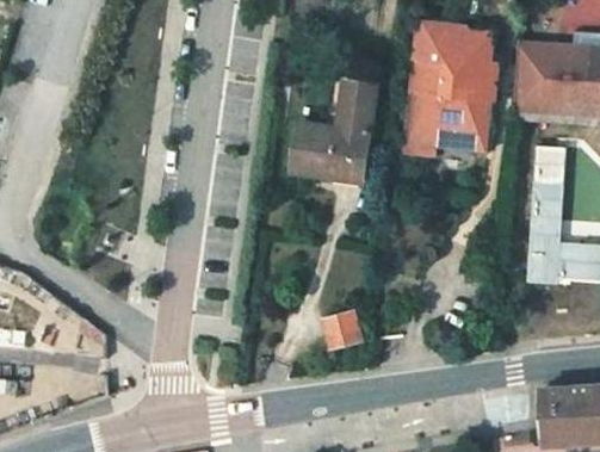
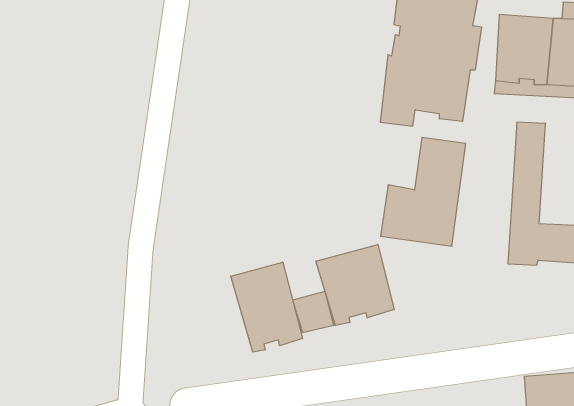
building: [296,79,377,182] -> [381,137,466,246]
building: none -> [316,244,394,326]
building: none -> [231,262,302,352]

